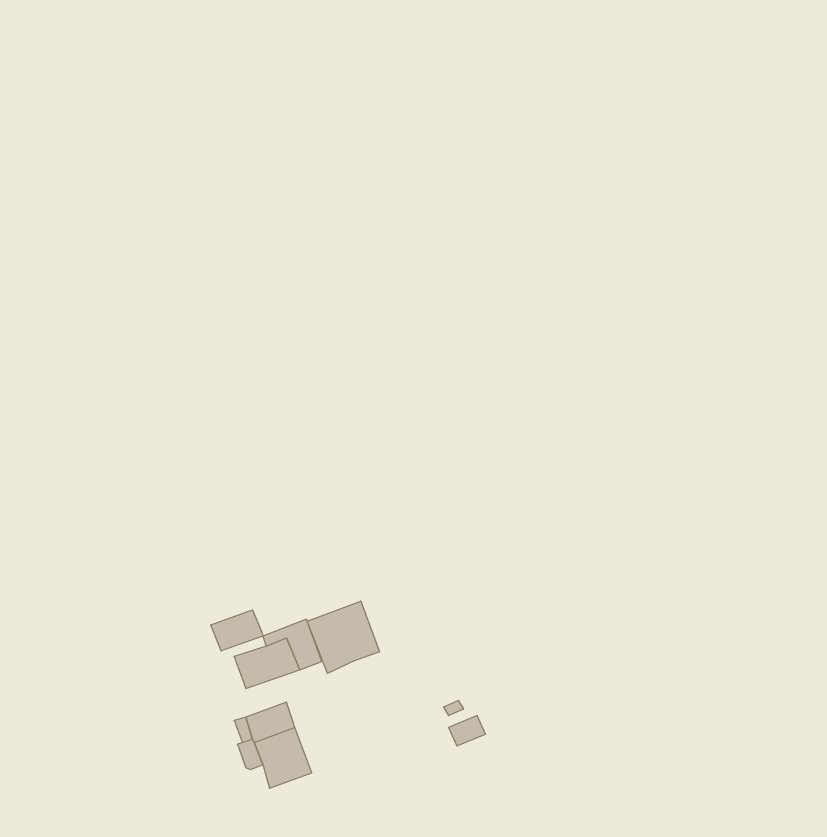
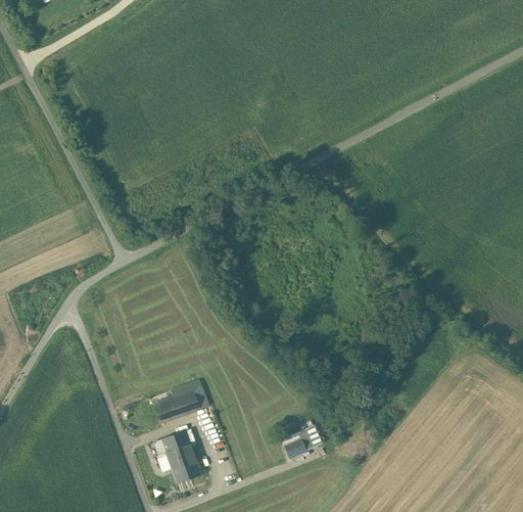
building: [307,601,380,673] -> none
building: [211,610,263,651] -> none

